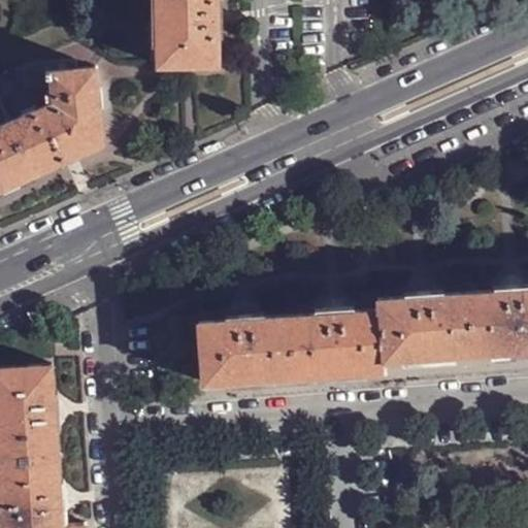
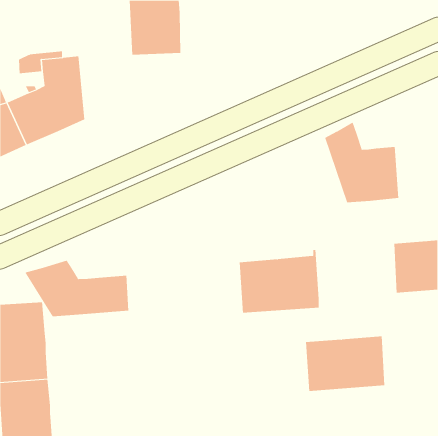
building: none -> [325,121,399,203]
building: [380,296,475,363] -> [305,336,385,392]
building: none -> [24,260,129,317]
building: [198,319,291,387] -> none

